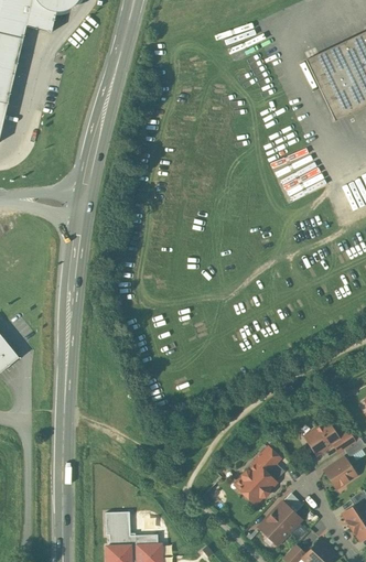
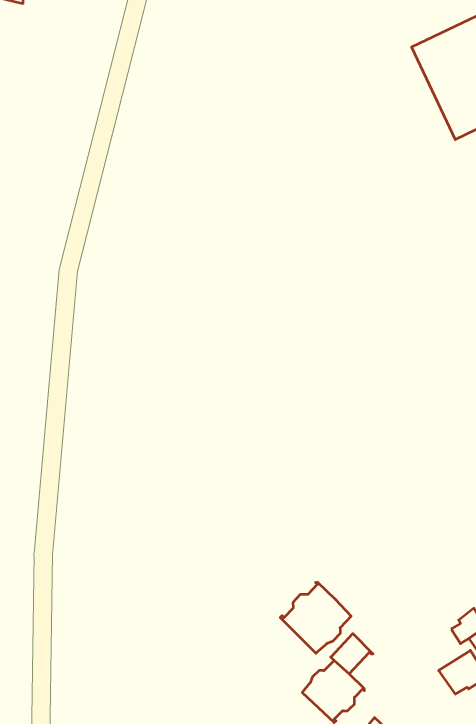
building: none -> [280,582,351,653]
building: [304,422,337,453] -> none

